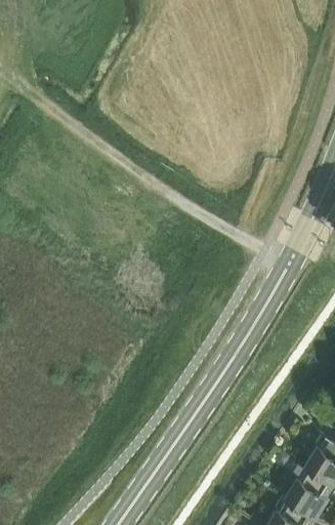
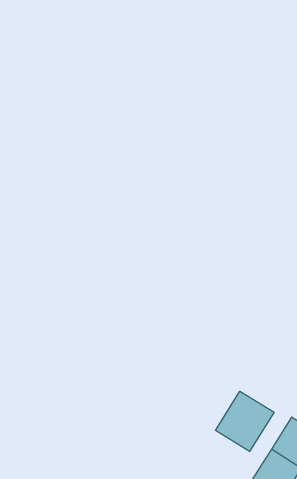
building: none -> [215,391,274,451]

